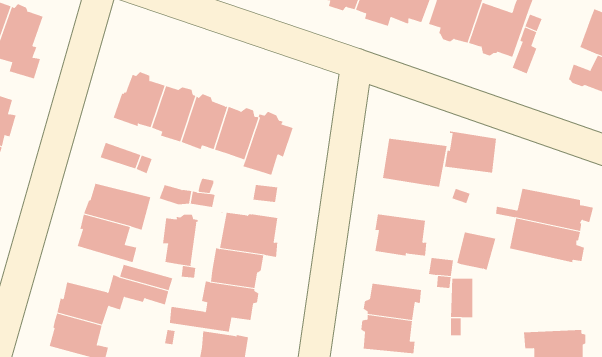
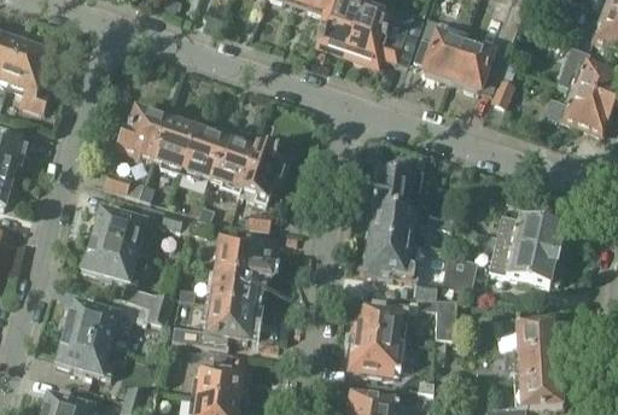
building: [444,131,497,173] -> [366,206,415,246]
building: [163,214,198,267] -> none
building: none -> [494,318,559,351]

